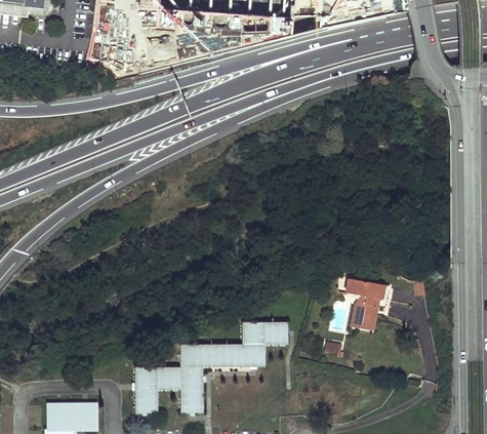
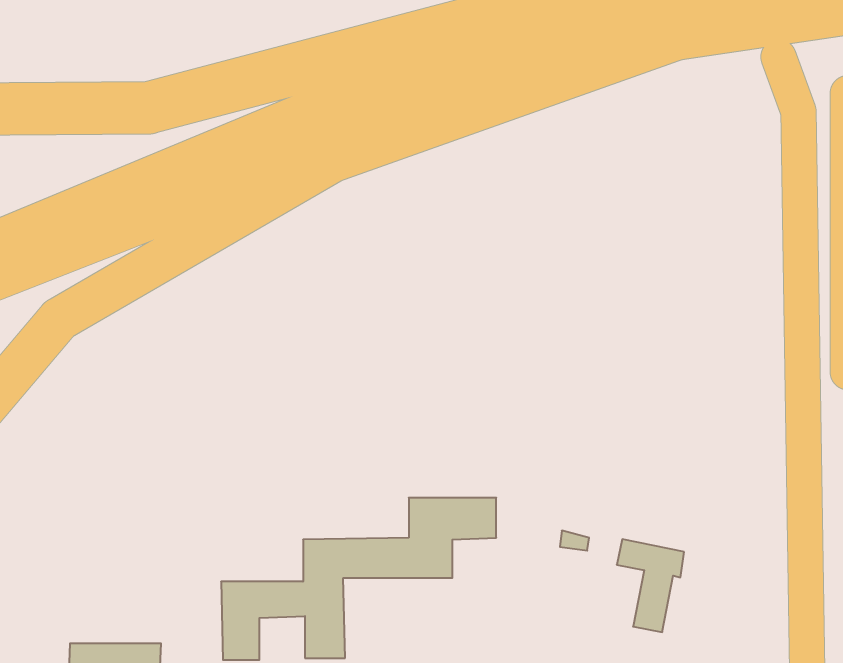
building: [347,277,384,329] -> [617,539,684,632]

